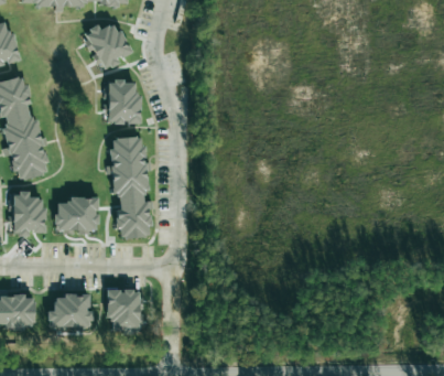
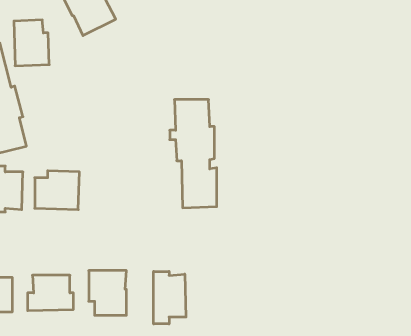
building: [108,80,141,123] -> [14,20,49,66]
building: [107,137,151,238] -> [170,100,217,208]
building: none -> [154,271,186,324]

